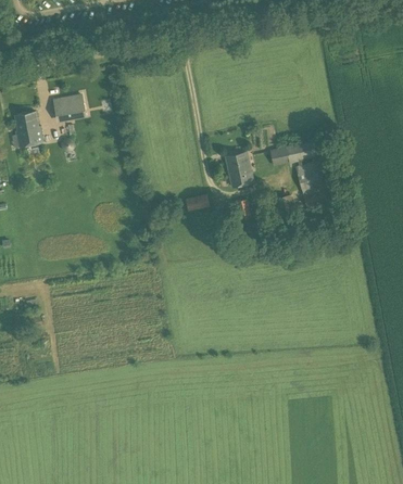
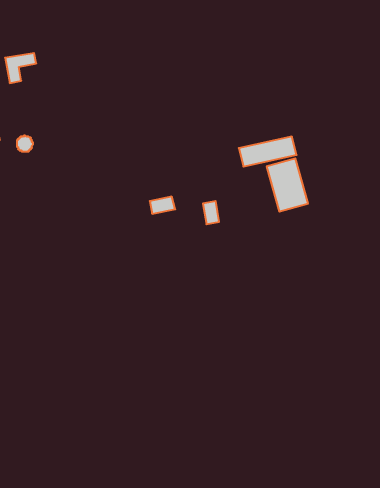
building: [52,92,81,120] -> [5,53,36,83]
building: [224,151,253,188] -> none

